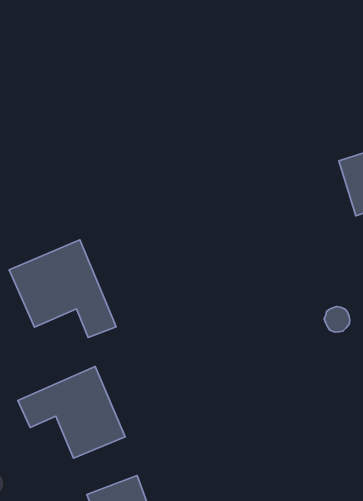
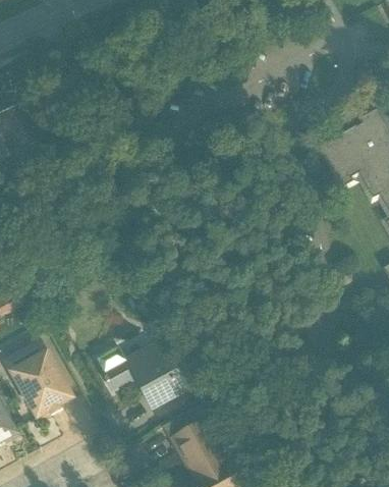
building: [9,240,116,338] -> none

